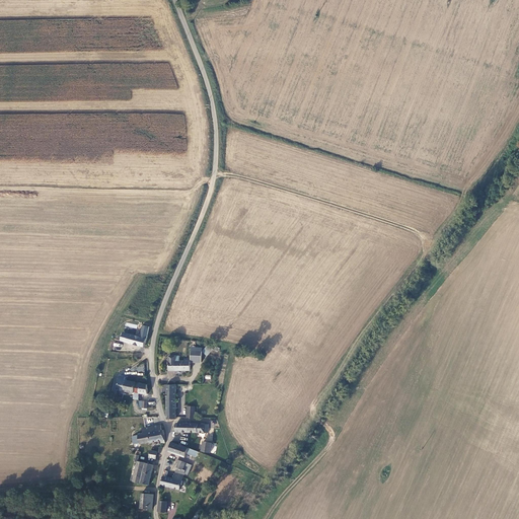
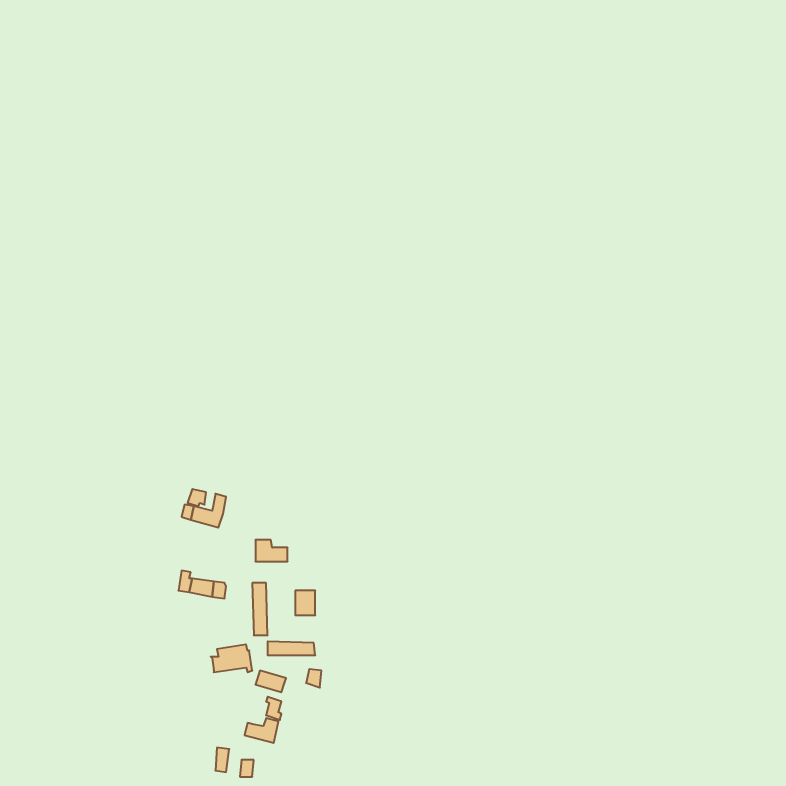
building: [134,461,155,485] -> none

